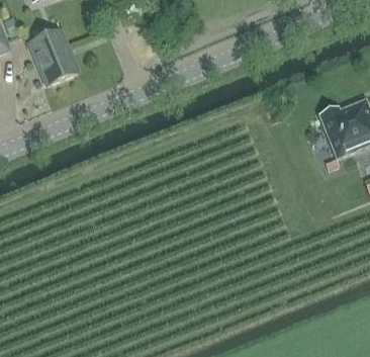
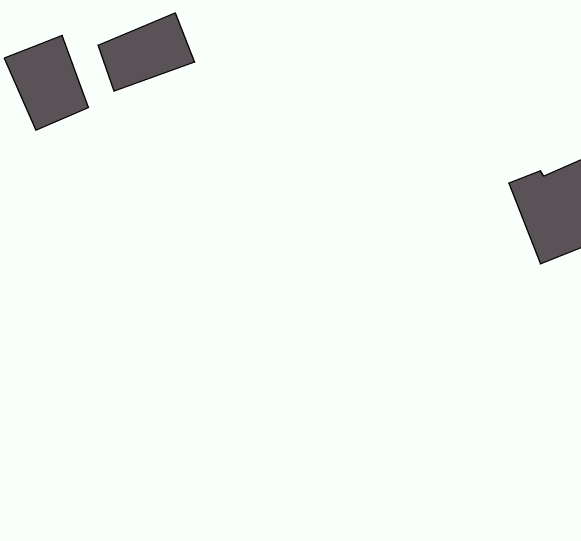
building: none -> [98,13,195,91]

